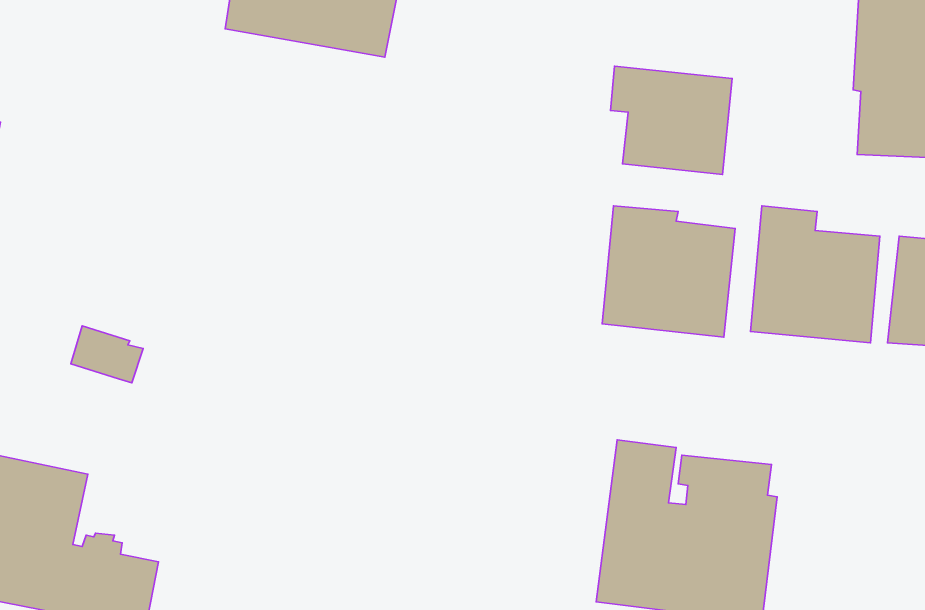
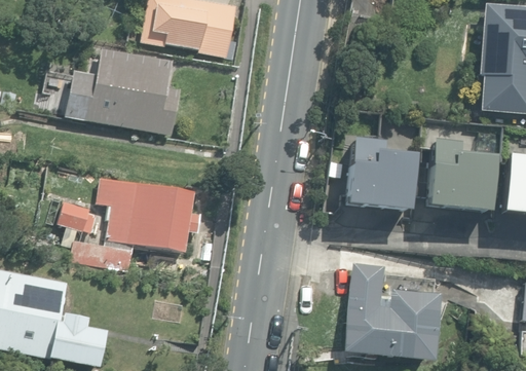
building: none -> [66,48,182,135]
building: [610,66,732,175] -> none
building: none -> [73,177,199,269]

